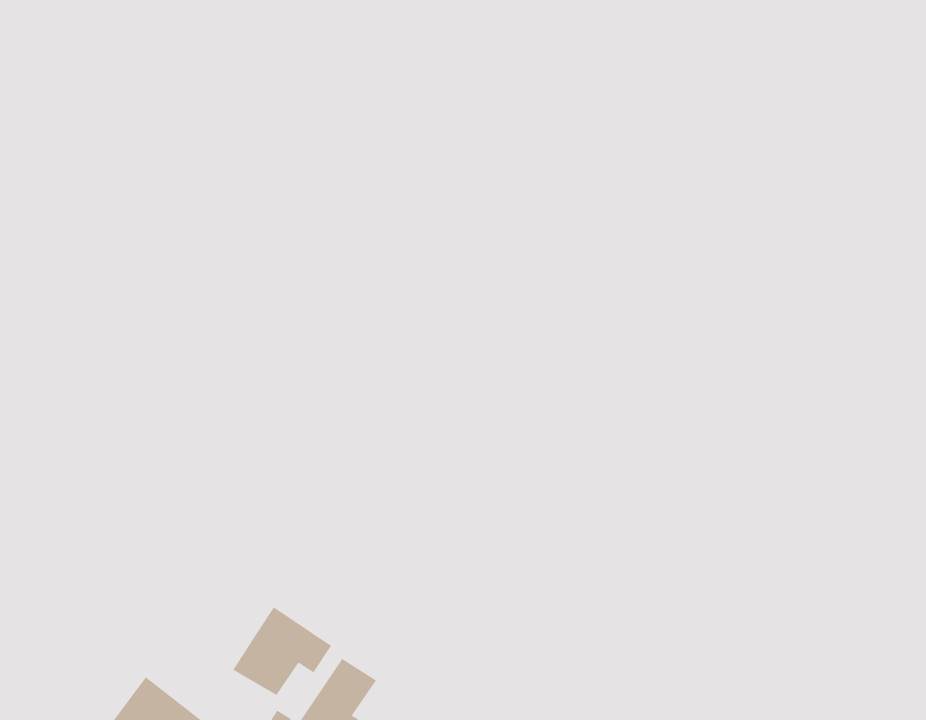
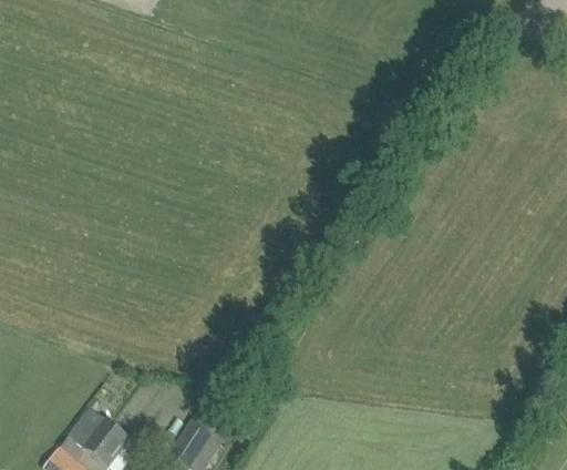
building: [233,607,332,696] -> none

